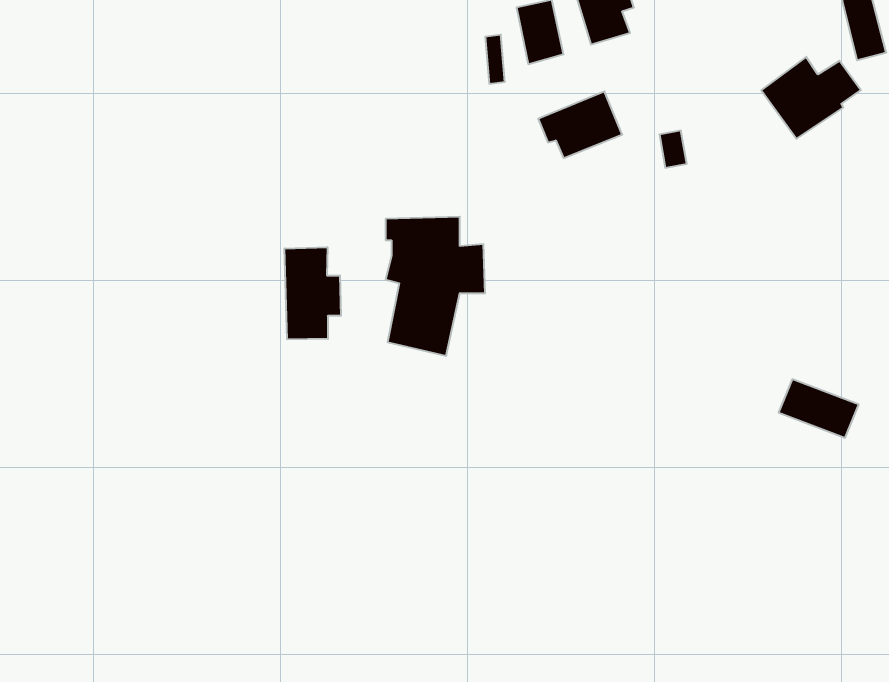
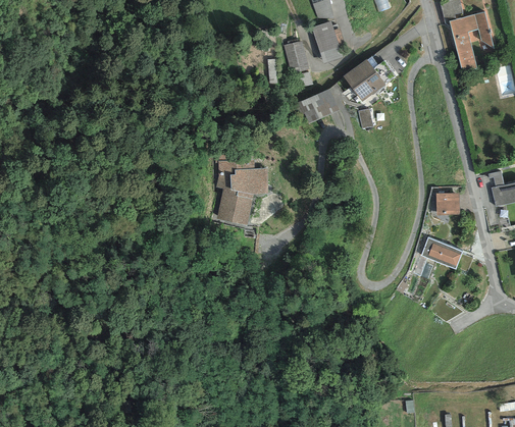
building: [761,57,861,139] -> [343,58,395,101]
building: [285,247,341,339] -> none
building: none -> [435,192,459,215]

